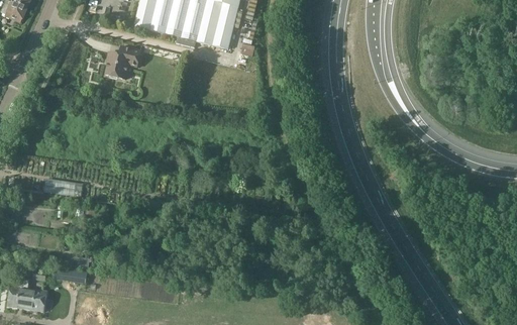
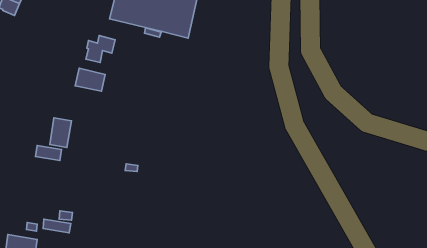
building: none -> [75,68,105,91]
building: none -> [50,118,71,147]

